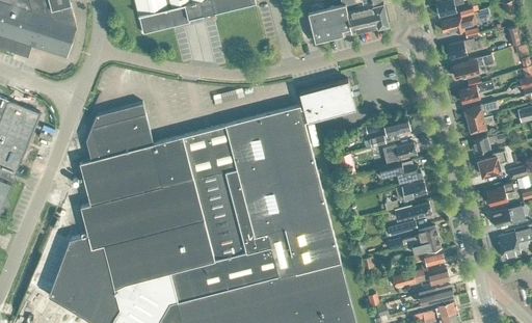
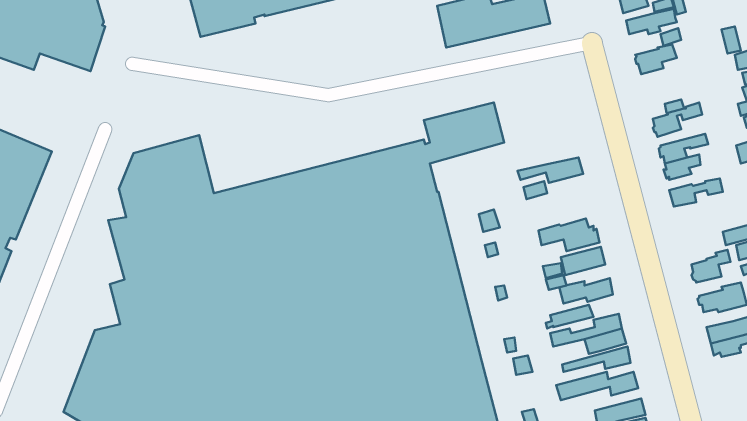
building: [452,53,493,78] -> none
building: [381,142,416,163] -> none
building: [477,151,505,176] -> none

